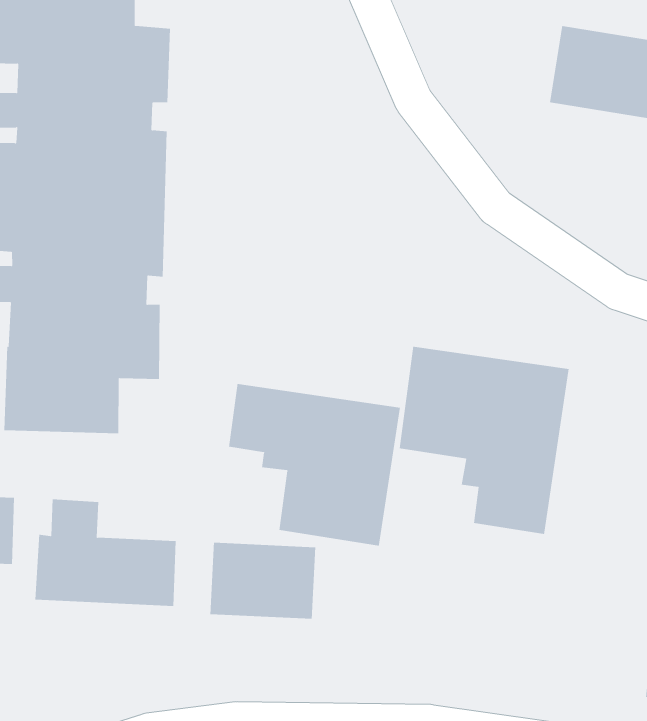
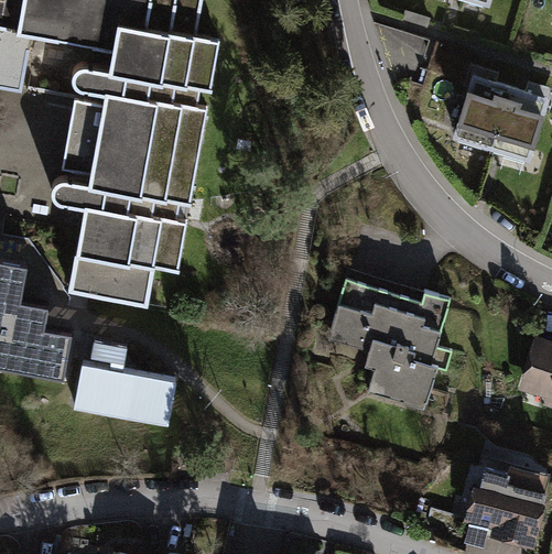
building: [228,383,400,547] -> none
building: [210,542,316,620] -> none

